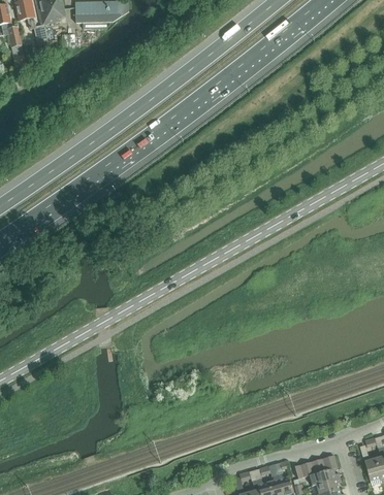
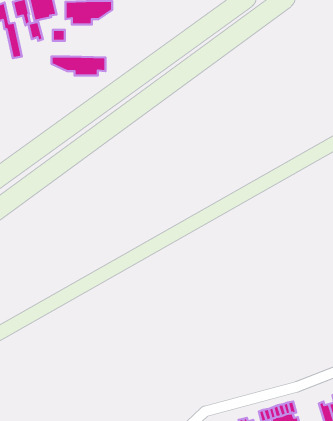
building: none -> [51,57,105,76]

